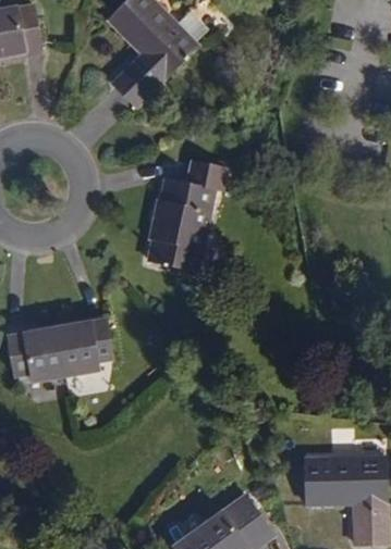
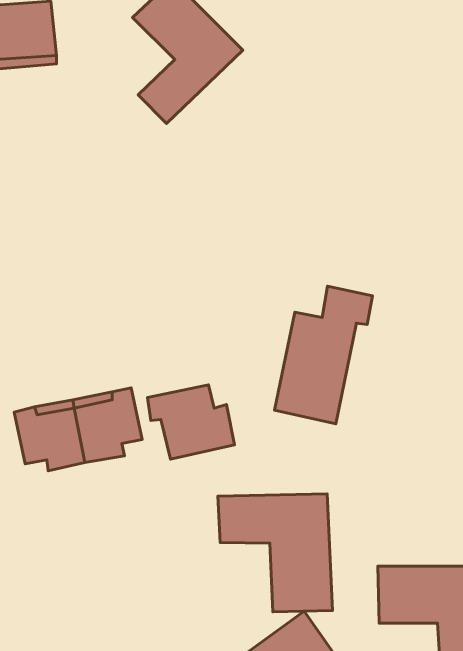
building: [151,150,230,260] -> [275,286,373,424]
building: none -> [147,385,235,459]
building: none -> [218,494,333,612]

